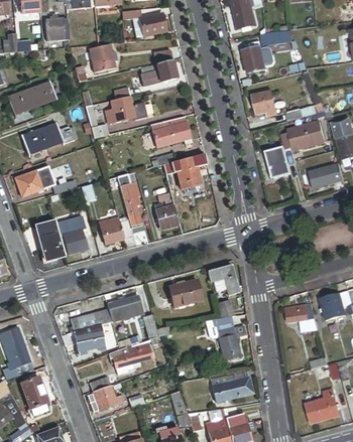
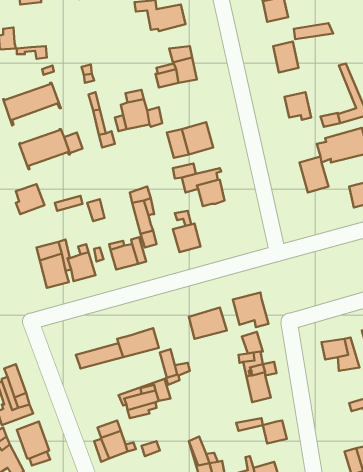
building: [45,18,69,41] -> none
building: [90,45,114,71] -> none
building: [74,324,106,350] -> none
building: [212,381,237,402] -> none

